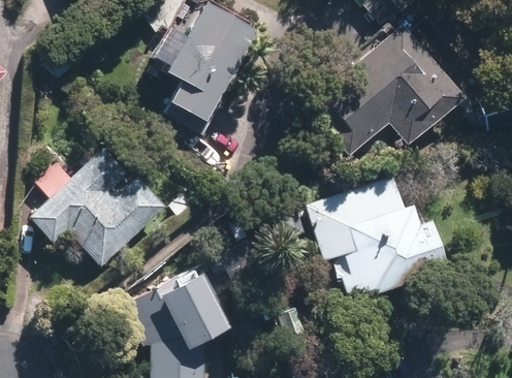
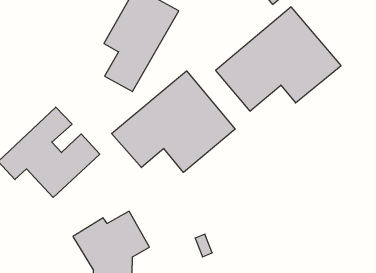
building: none -> [112,71,235,172]
building: [306,175,450,303] -> none

